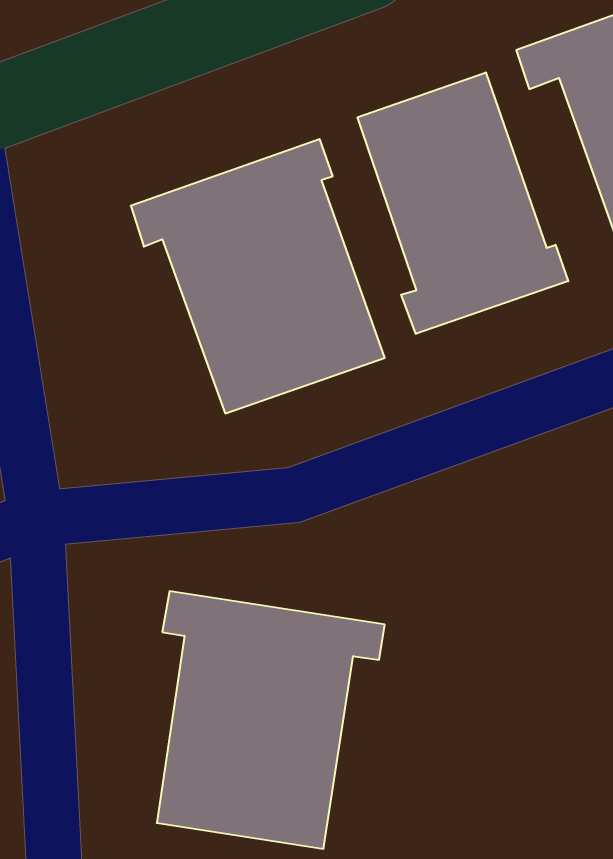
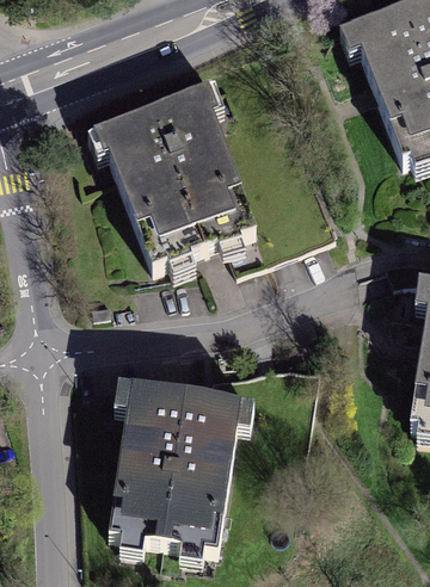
building: [358,72,568,334] -> none

